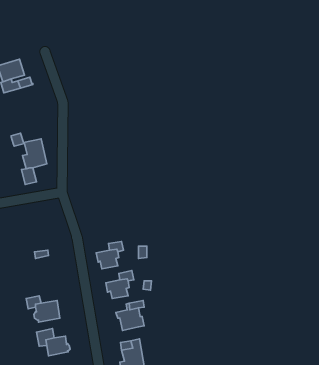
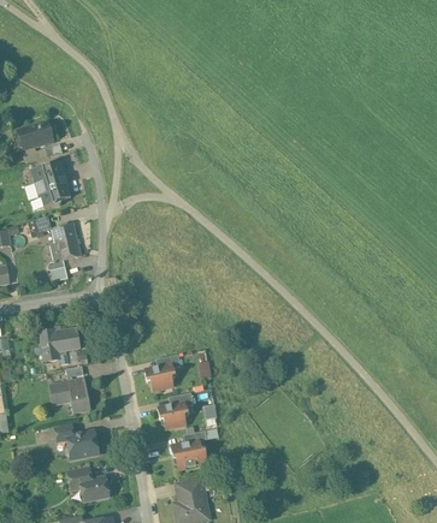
building: none -> [29,160,70,209]
building: none -> [39,327,78,359]
building: none -> [48,378,90,412]

